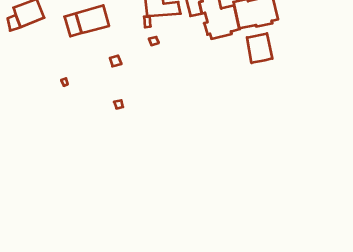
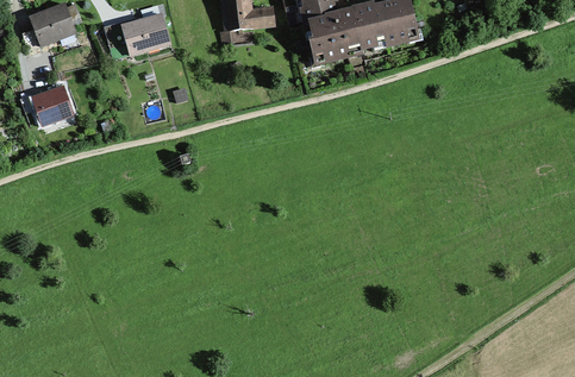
building: [247,33,272,63] -> none
building: none -> [32,86,73,121]

